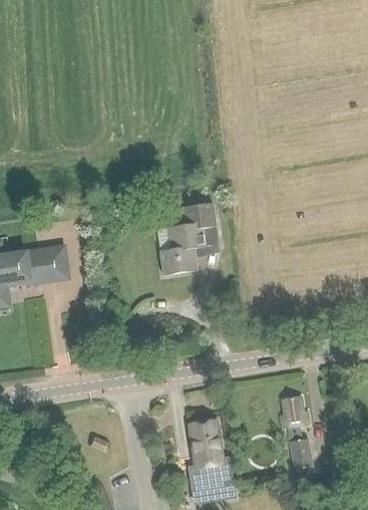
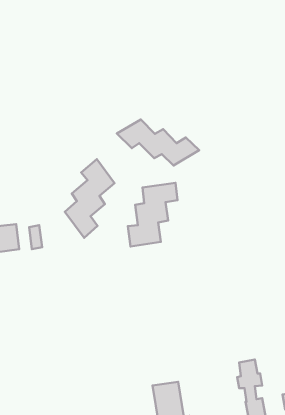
building: none -> [117,119,199,166]
building: none -> [65,159,114,238]

